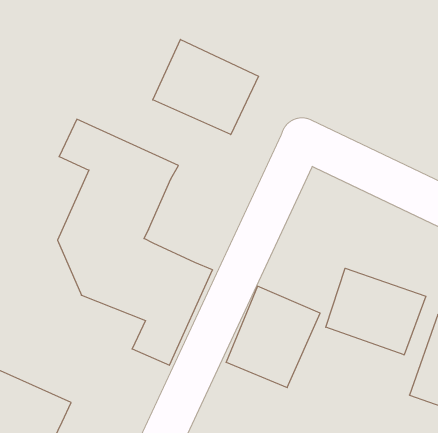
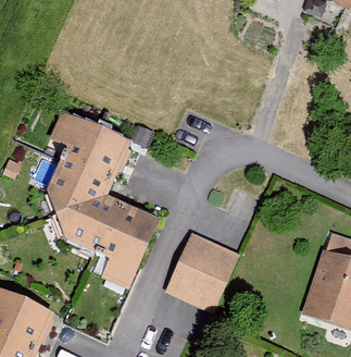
building: [153,39,258,135] -> none
building: [326,268,426,355] -> none

